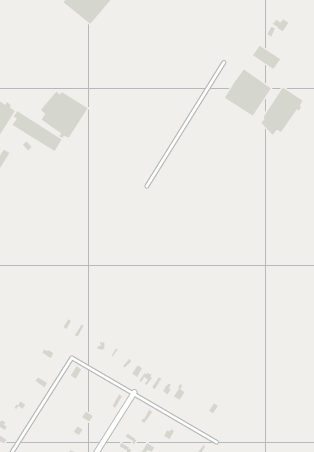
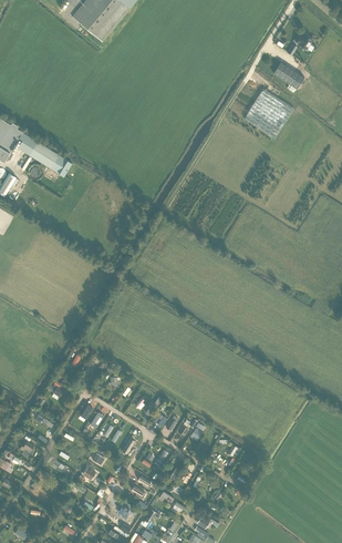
building: [261,87,303,136] -> none
building: [40,91,88,139] -> none

